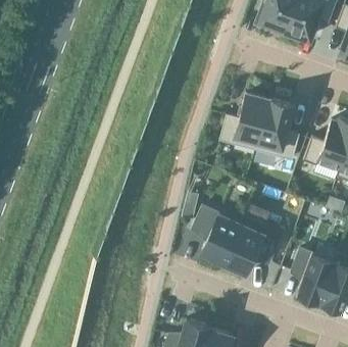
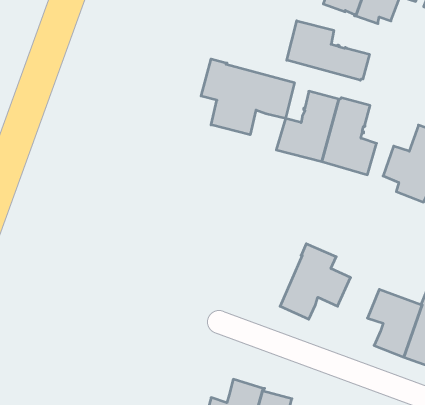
building: none -> [287,21,369,80]
building: none -> [201,59,294,135]
building: [193,207,241,263] -> none

